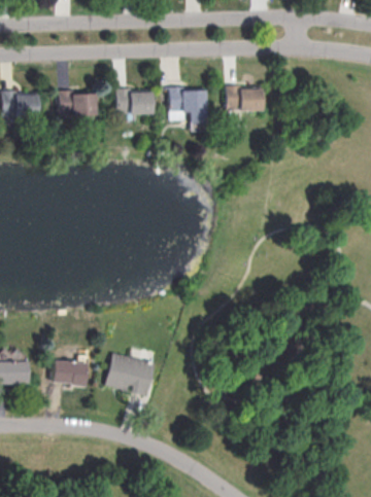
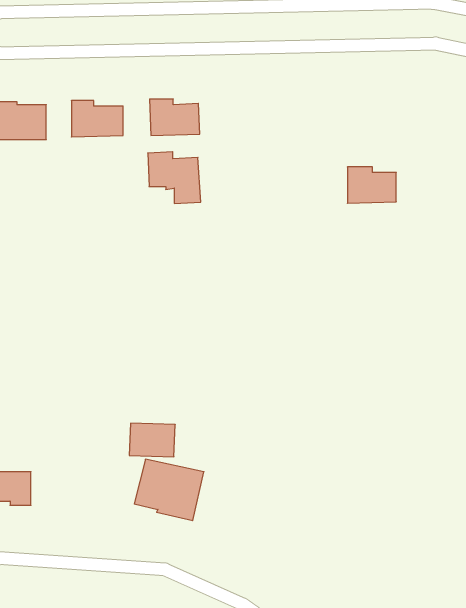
building: [169,84,208,122] -> [148,152,201,203]
building: [226,84,262,111] -> [347,167,396,203]
building: [53,360,87,385] -> [129,423,175,457]

